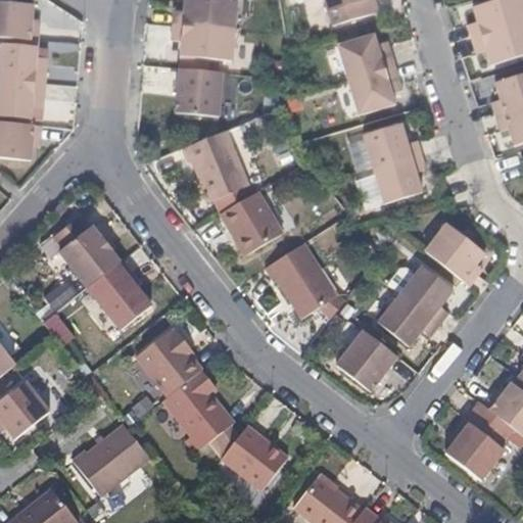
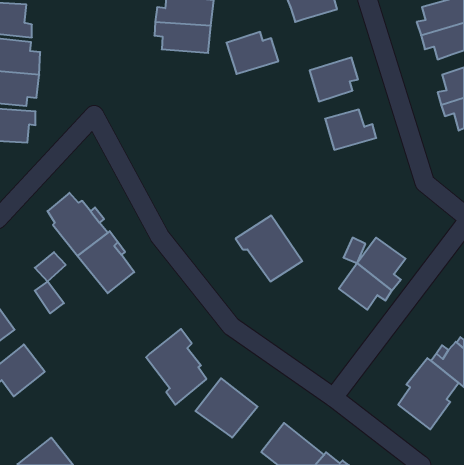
building: [335,32,393,79] -> [226,32,278,74]
building: [175,68,223,114] -> none
building: [183,128,251,199] -> none
building: [374,154,426,201] -> none
building: [221,185,288,252] -> none
building: [425,224,484,286] -> none
building: [135,327,202,395] -> none
building: [336,328,397,391] -> none
building: [73,427,152,501] -> none

